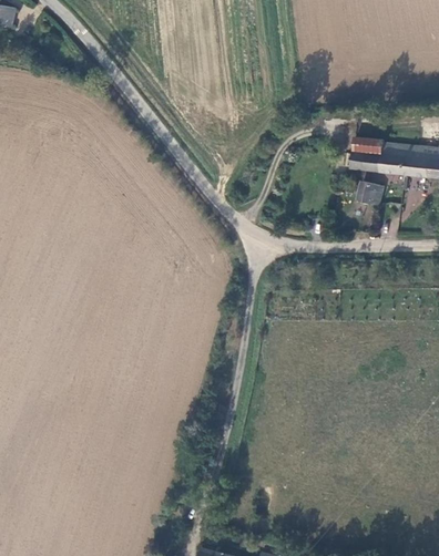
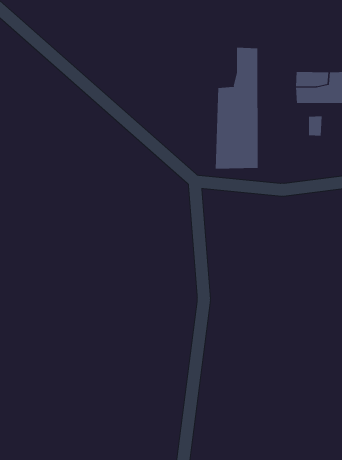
building: none -> [215,47,258,170]

